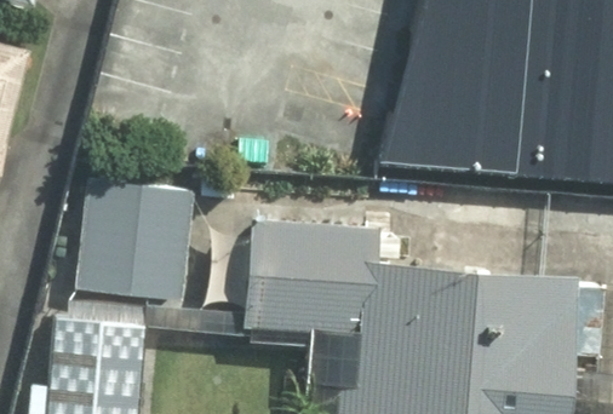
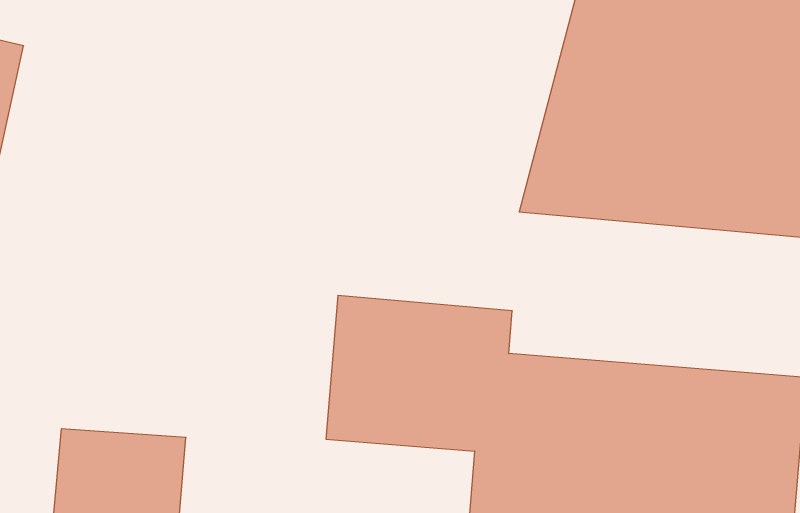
building: [82,180,189,294] -> none

